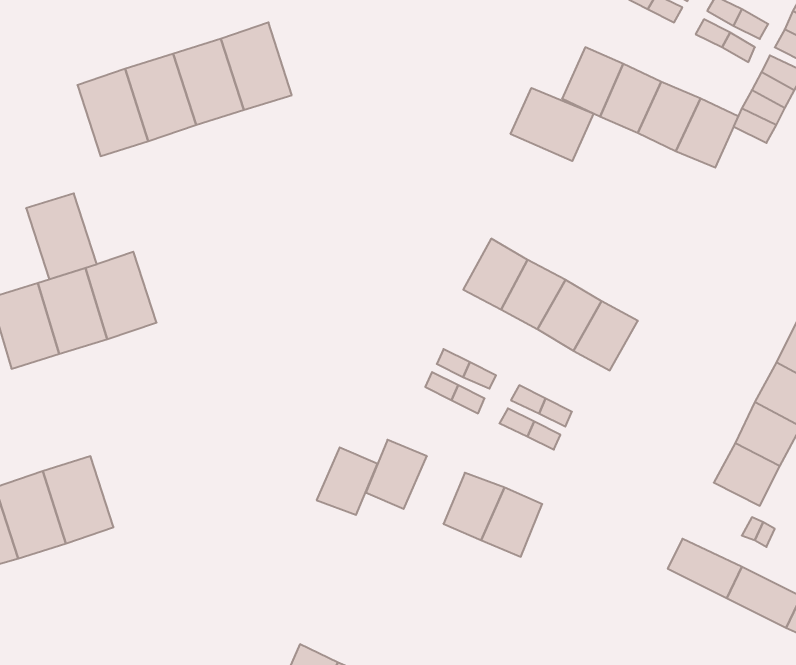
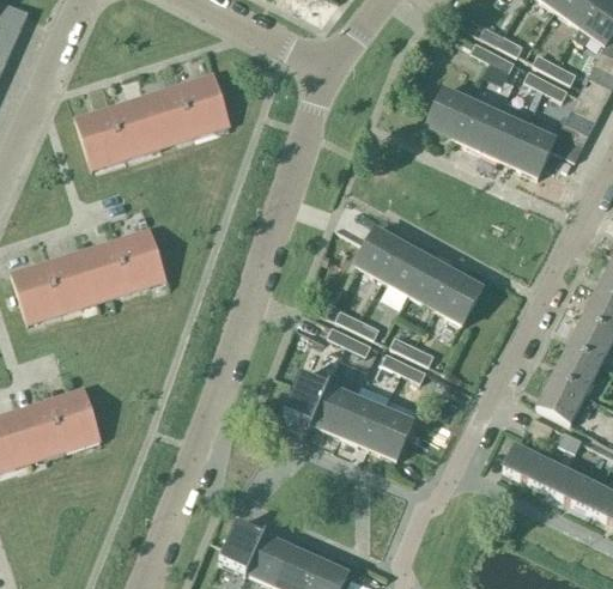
building: [511,88,593,161] -> none
building: [26,193,97,279] -> [116,227,168,290]
building: [317,447,378,515] -> [312,387,357,436]

